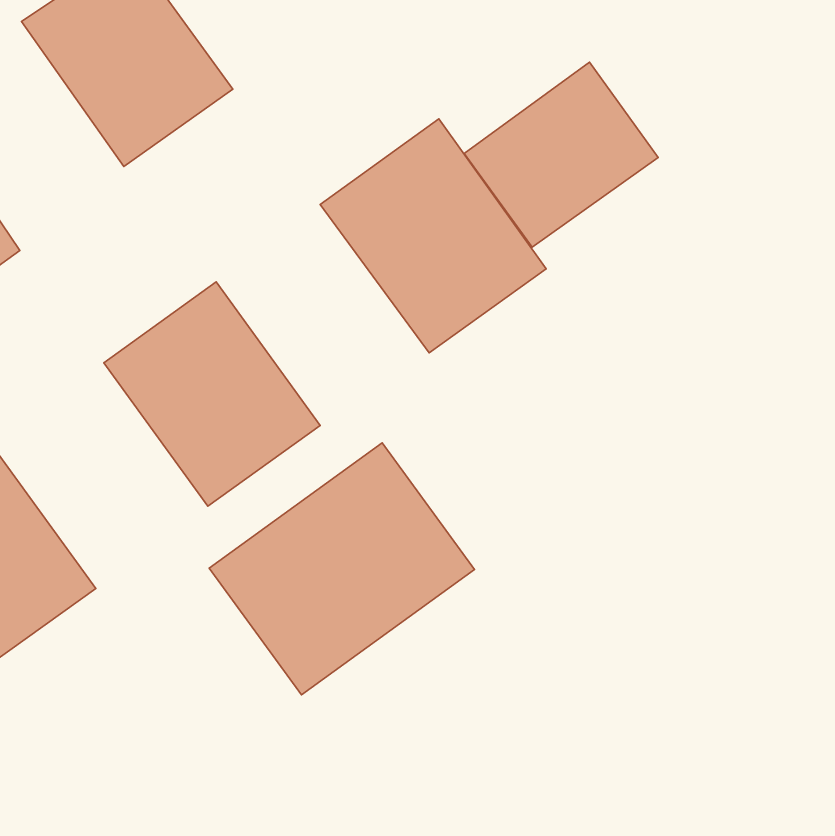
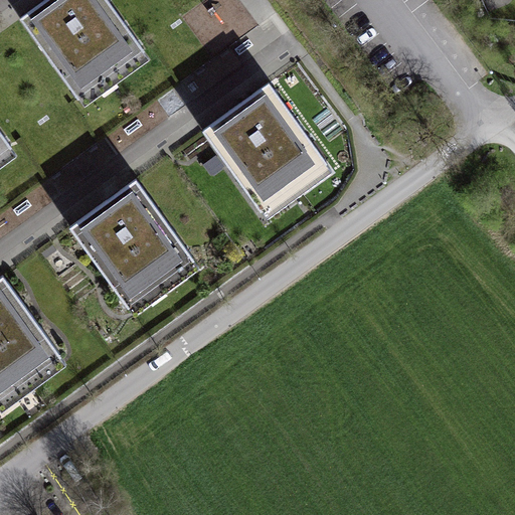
building: [464,62,658,247] -> none
building: [209,443,474,695] -> none

